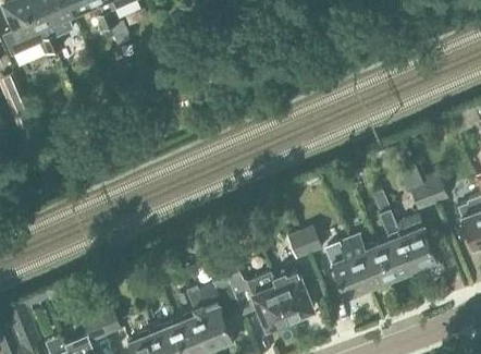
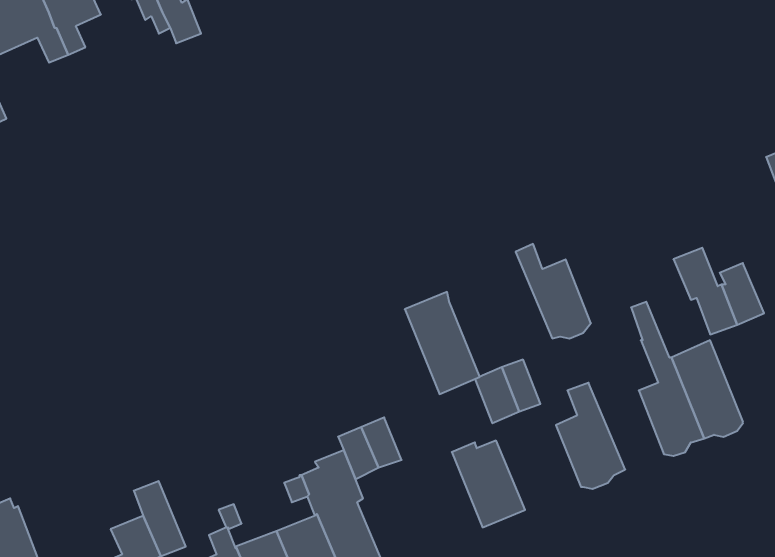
building: [349,234,392,288] -> [516,244,591,338]
building: [247,272,289,330] -> [405,292,480,394]

